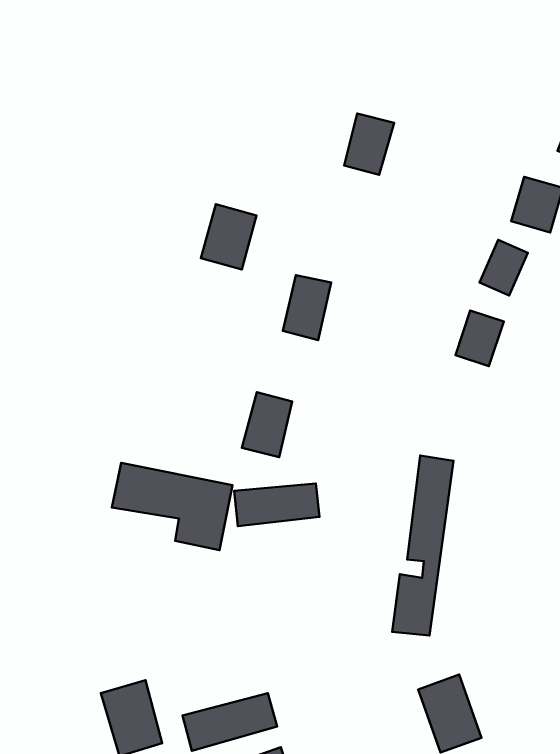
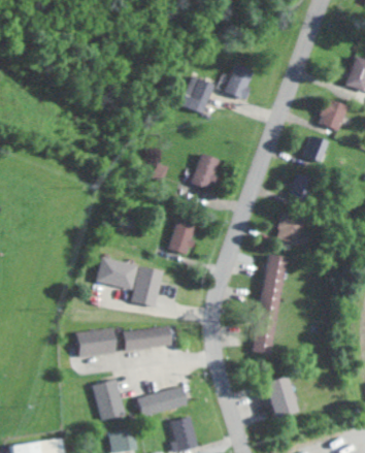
building: [201,204,257,269] -> [181,76,212,112]
building: none -> [275,212,306,246]
building: [234,484,320,526] -> [125,327,172,351]
building: none -> [77,328,118,357]

